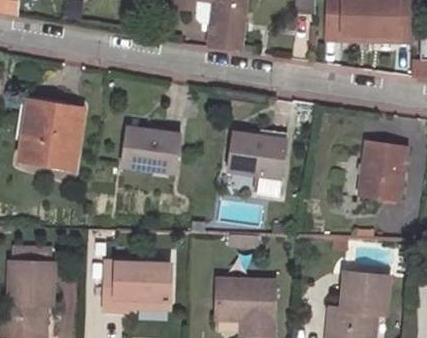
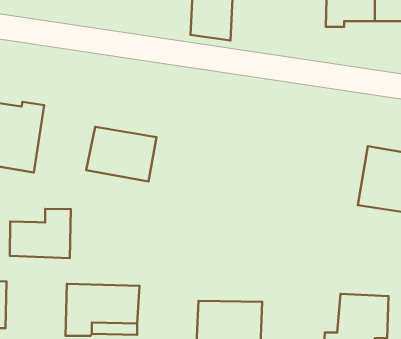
building: [228,131,287,199] -> none
building: none -> [10,209,71,258]

